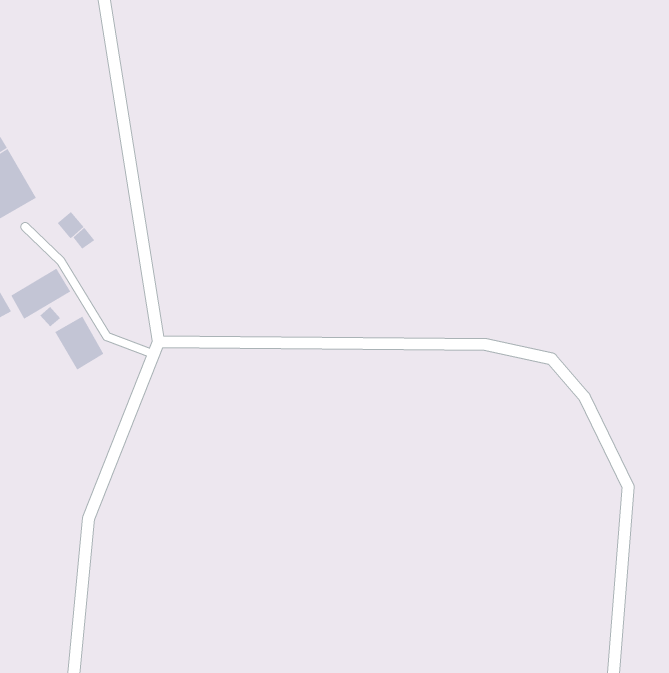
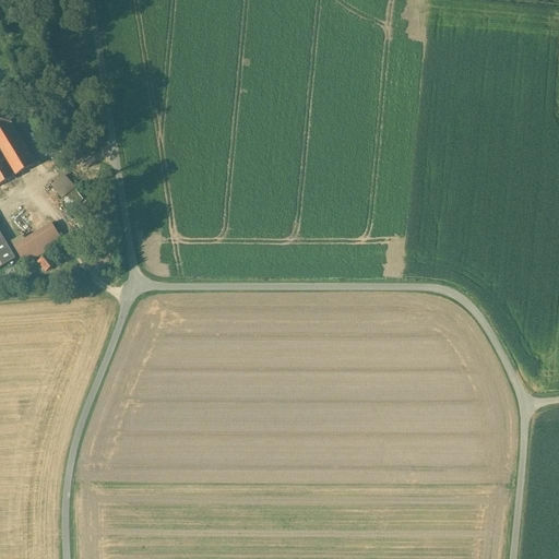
building: [55,316,104,371] -> none

